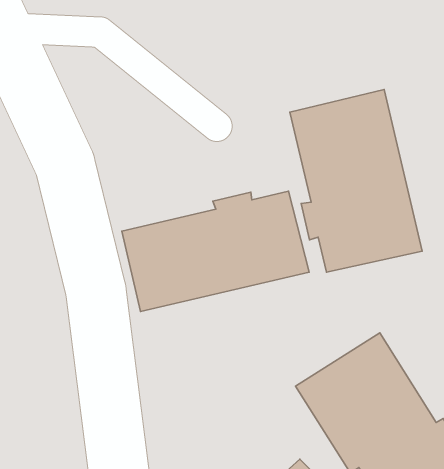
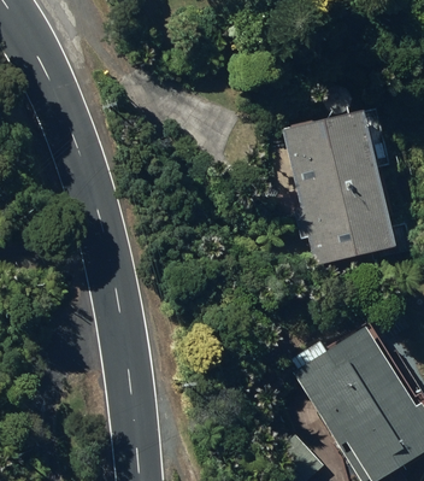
building: [122,191,309,312] -> none

